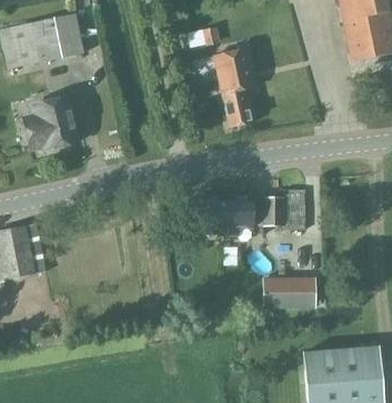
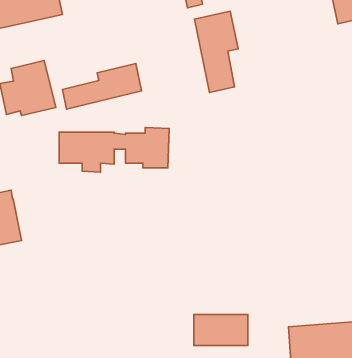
building: none -> [63,64,142,109]
building: [199,190,305,233] -> [59,128,169,172]
building: [264,278,316,308] -> [194,315,248,346]

